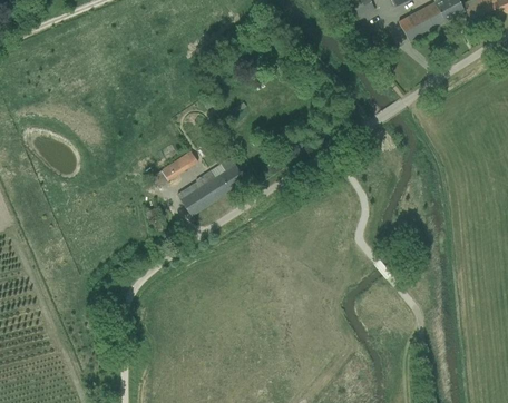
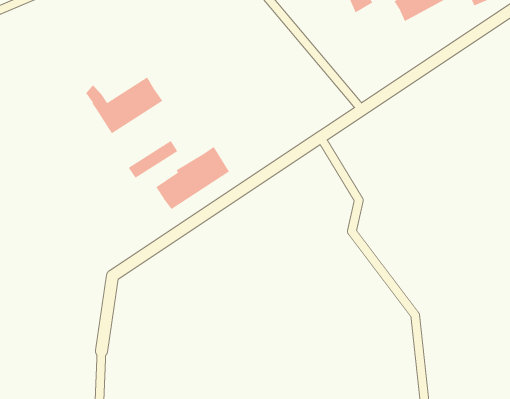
building: none -> [85,76,163,134]

